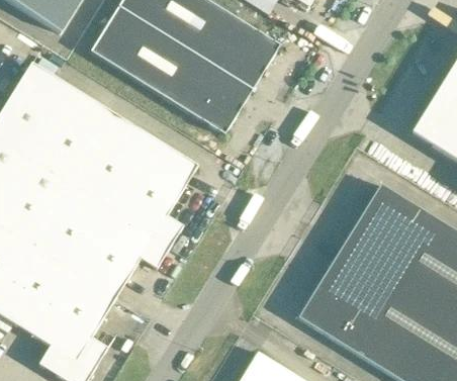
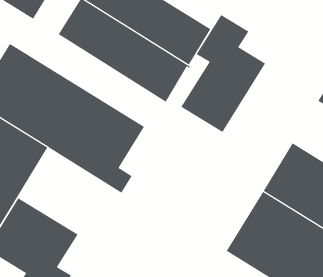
building: none -> [180,14,266,133]
building: [41,190,170,297] -> none

